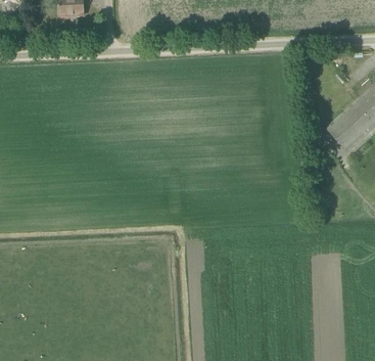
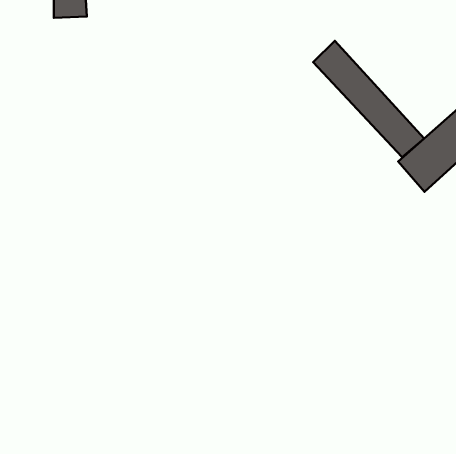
building: none -> [313,41,424,157]

